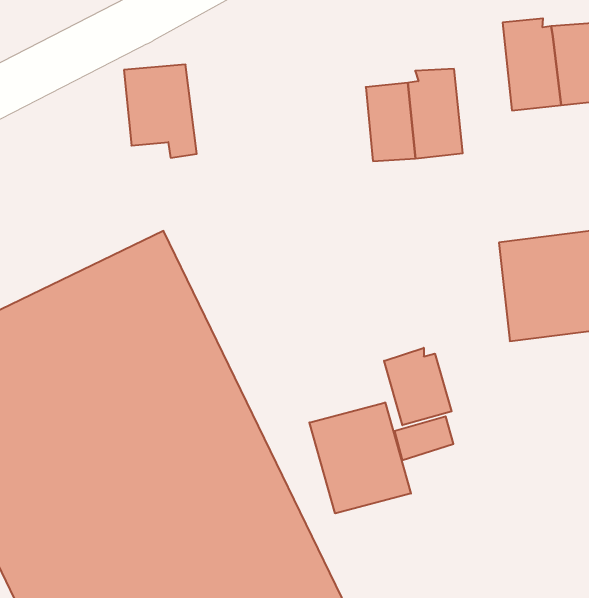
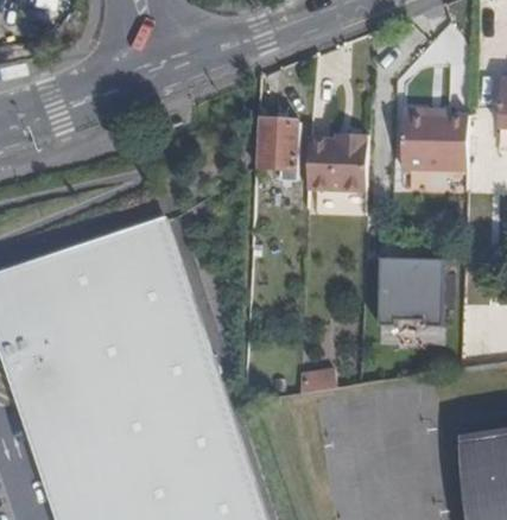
building: [124,65,197,158] -> [258,120,302,183]
building: [384,348,452,425] -> none
building: [309,402,411,513] -> none

